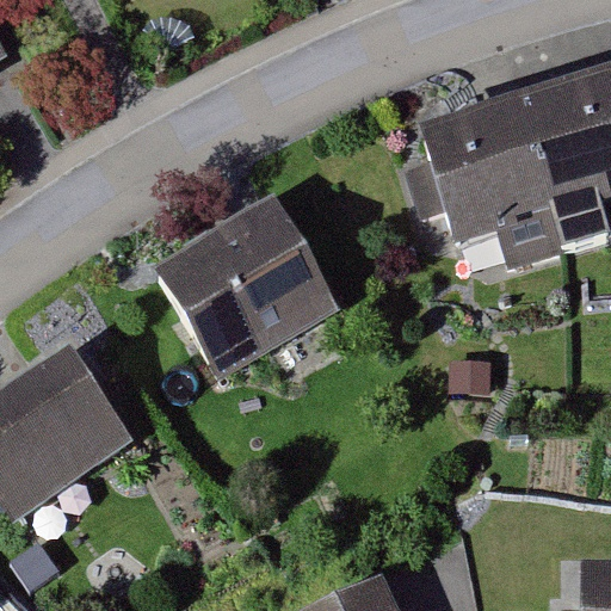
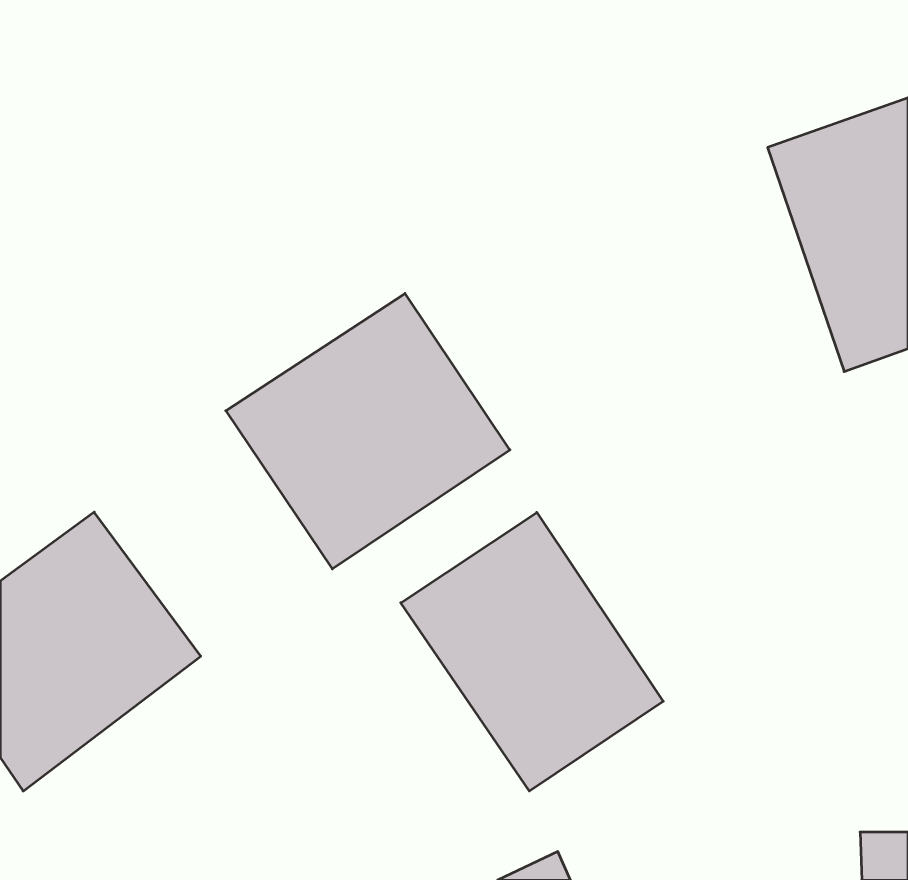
building: [419,99,567,283] -> none
building: none -> [401,512,663,791]

